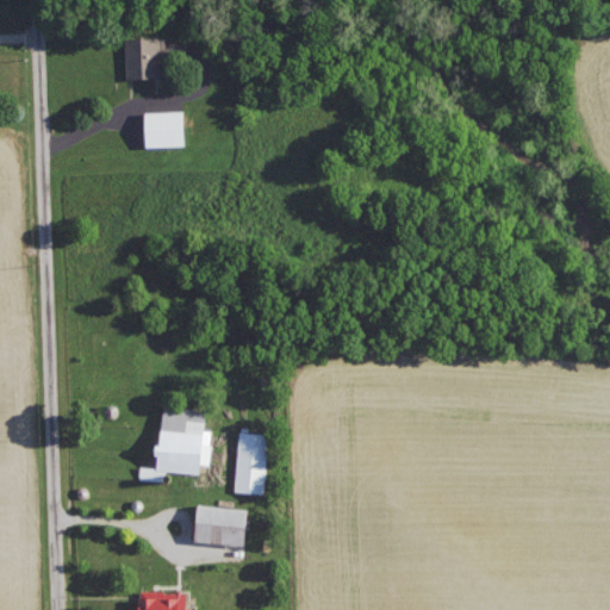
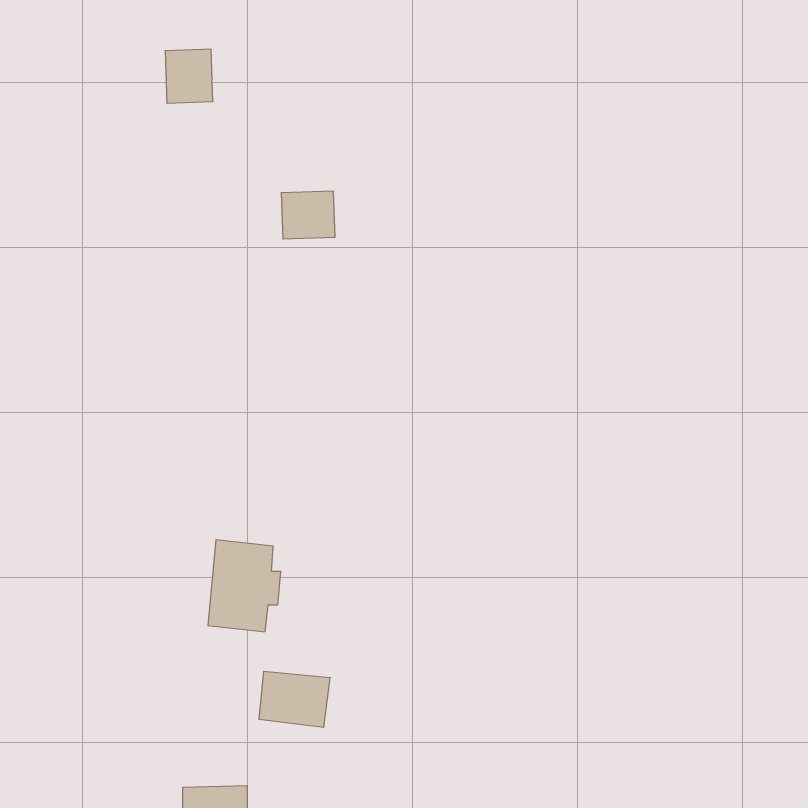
building: [144,113,185,149] -> [281,191,335,239]
building: [235,434,267,496] -> none

